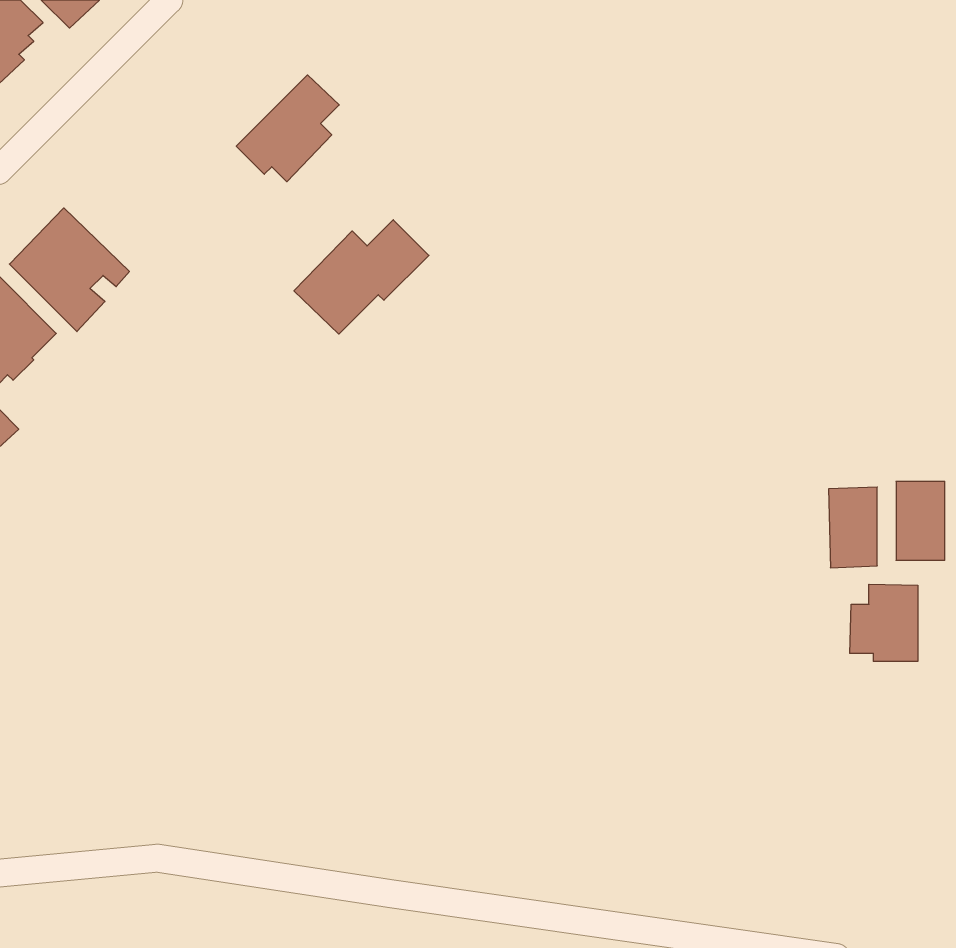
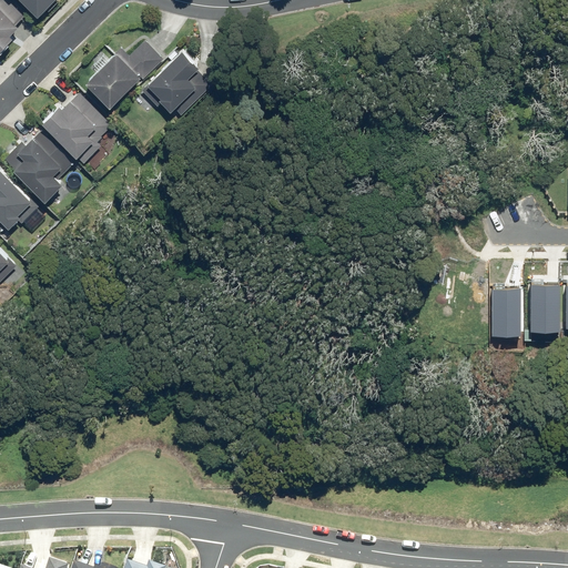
building: none -> [40,91,112,159]
building: [294,220,429,334] -> [83,40,163,108]
building: [850,584,918,661] -> none

